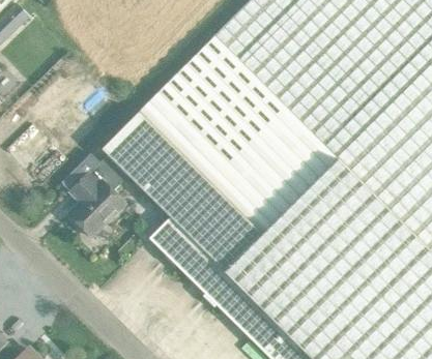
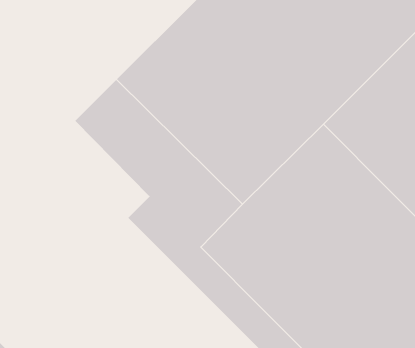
building: [61,153,127,237] -> none

